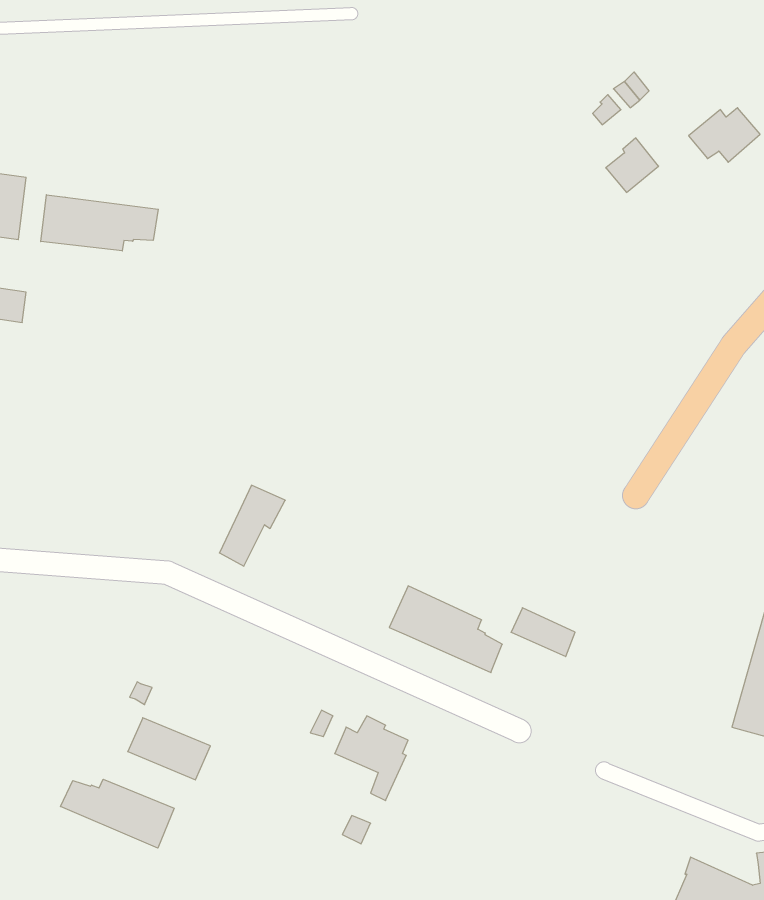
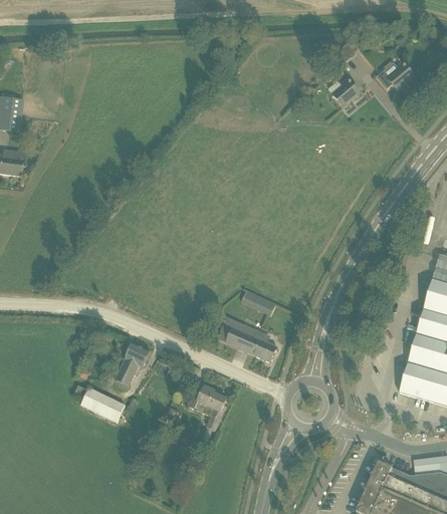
building: [41,195,158,251] -> none
building: [219,485,285,566] -> [116,343,151,387]
building: [511,608,575,657] -> [241,289,275,315]
building: [61,779,174,848] -> none

